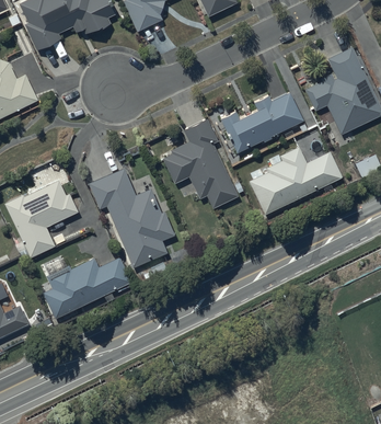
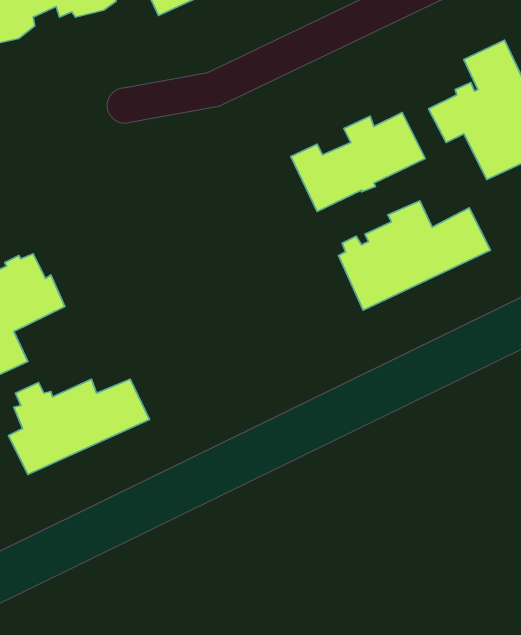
building: [161,118,238,208] -> none
building: [90,169,174,266] -> none

